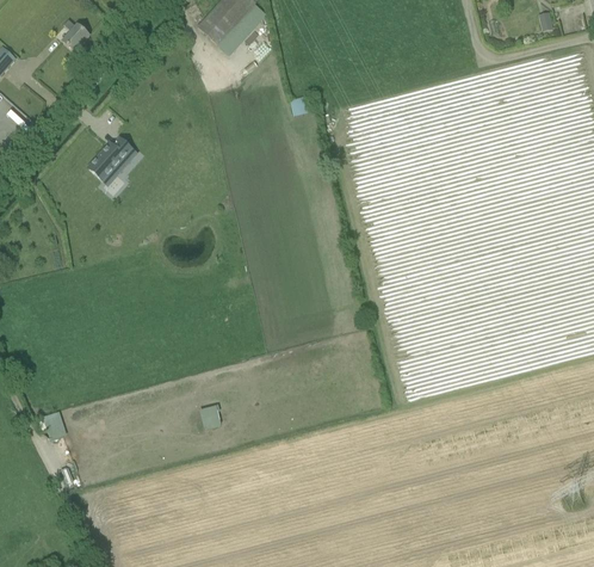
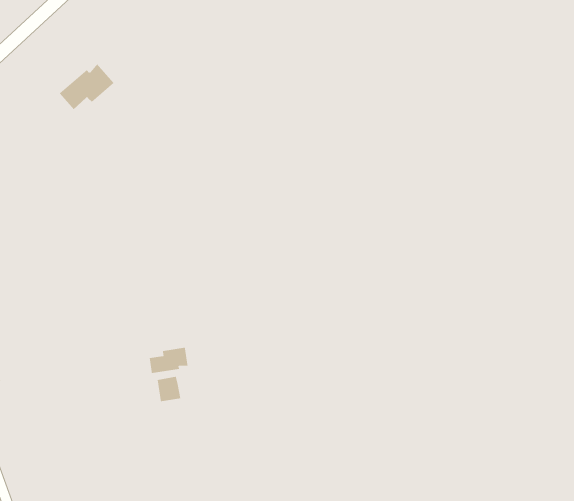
building: none -> [149,347,188,374]

